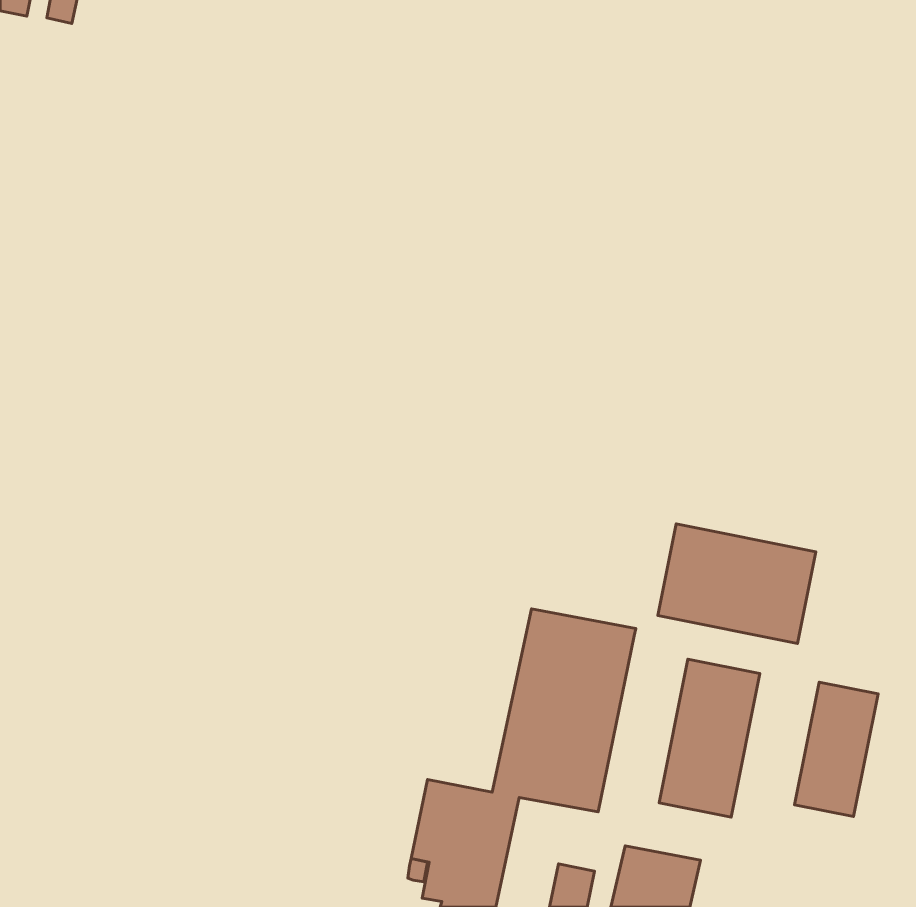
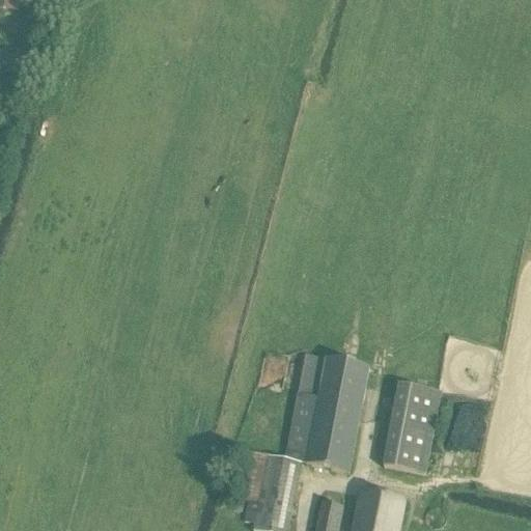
building: [658,524,816,644] -> none
building: [795,682,878,817] -> none

